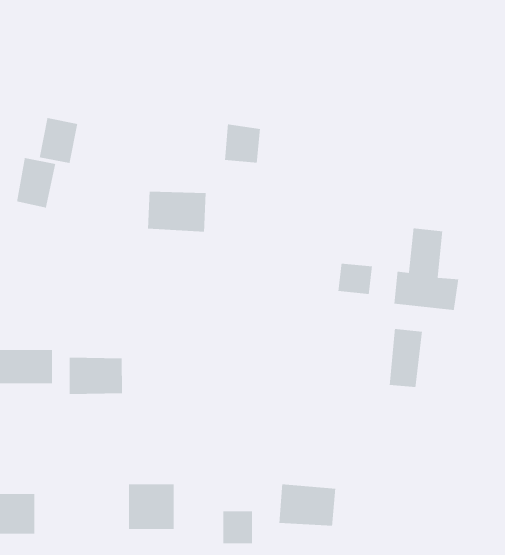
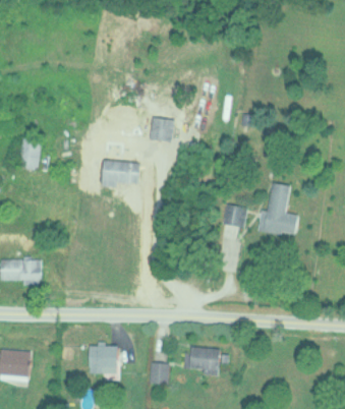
building: [39,117,78,164] -> none
building: [389,328,423,388] -> none
building: [69,357,123,395] -> none

